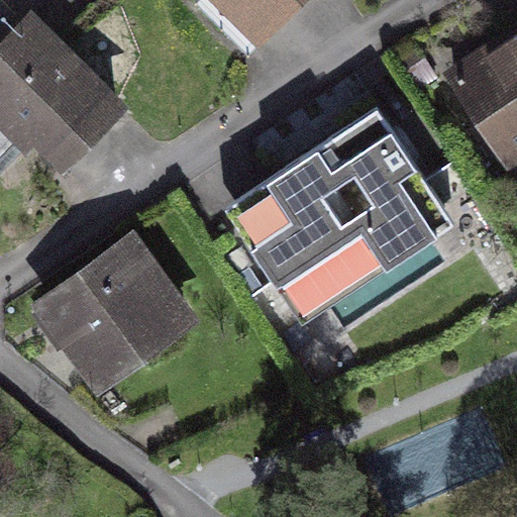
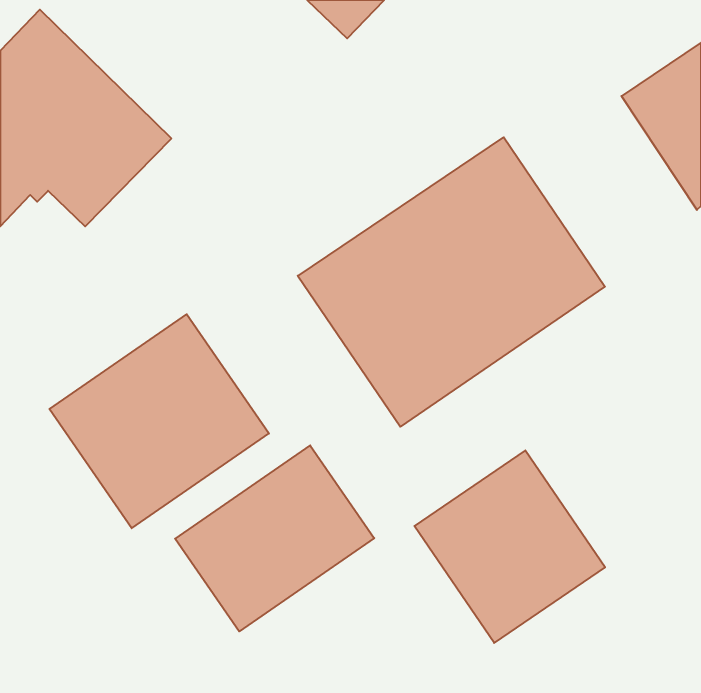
building: none -> [175,445,374,631]
building: none -> [414,450,605,643]

